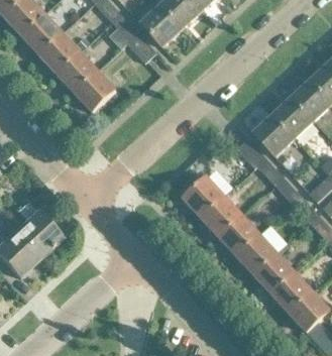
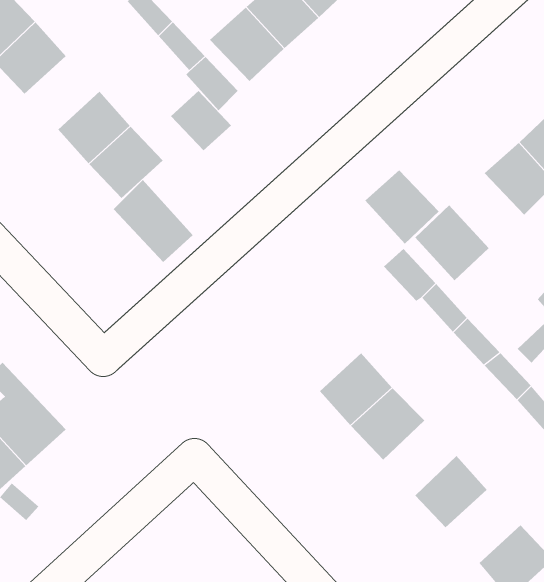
building: [38,32,80,73] -> none
building: none -> [170,90,232,151]
building: [272,97,314,138] -> [365,169,440,244]
building: none -> [113,179,194,263]
building: [183,175,224,217] -> none
building: [236,233,276,274] -> none
building: [270,271,312,312] -> none

